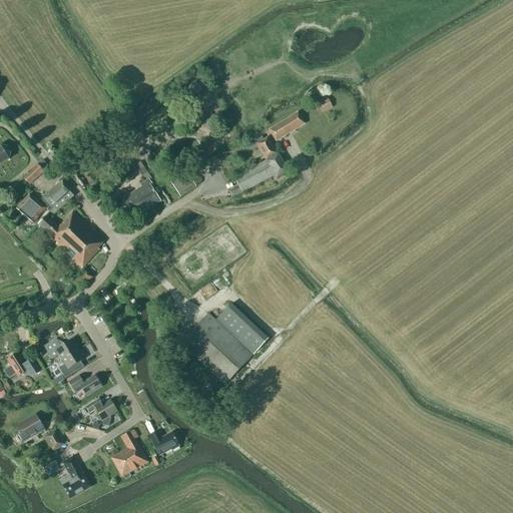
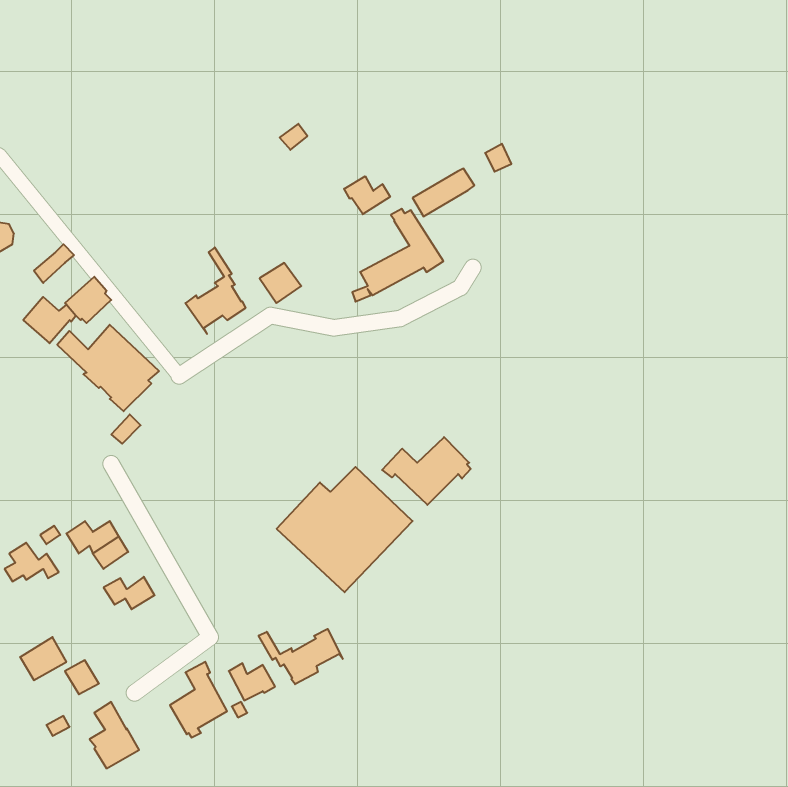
building: none -> [344,176,390,214]
building: none -> [382,437,471,505]
building: [85,398,116,425] -> none
building: none -> [259,629,343,684]

